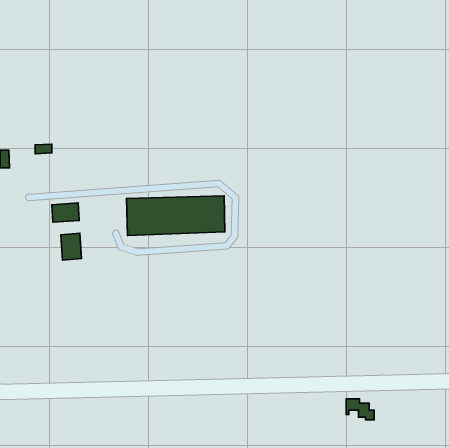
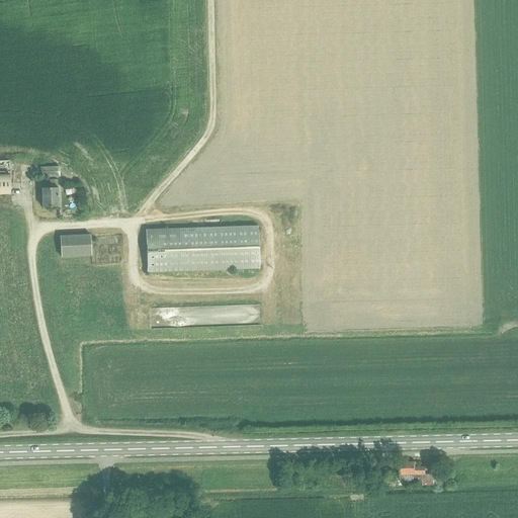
building: none -> [41,179,59,206]
building: [61,233,82,260] -> none

